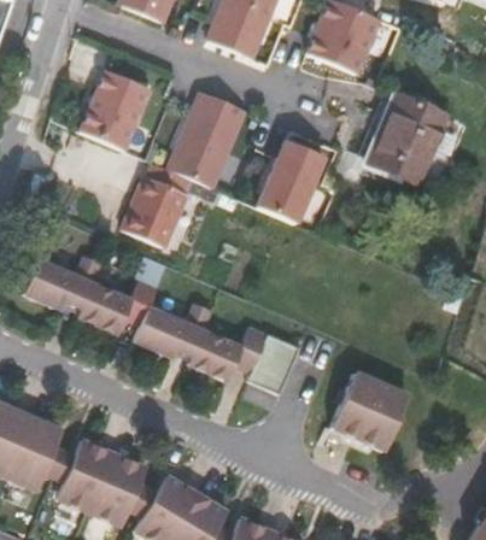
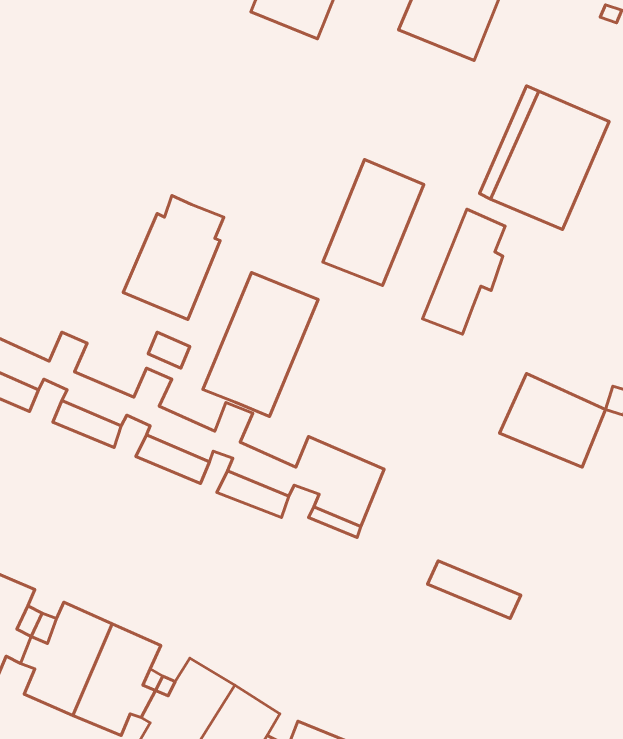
building: [76,70,150,152] -> none
building: [169,93,246,189] -> [203,273,318,417]
building: none -> [422,209,505,334]
building: [334,370,405,433] -> [499,374,606,467]

